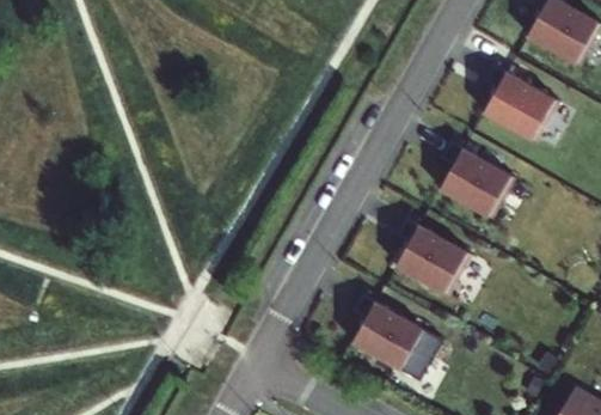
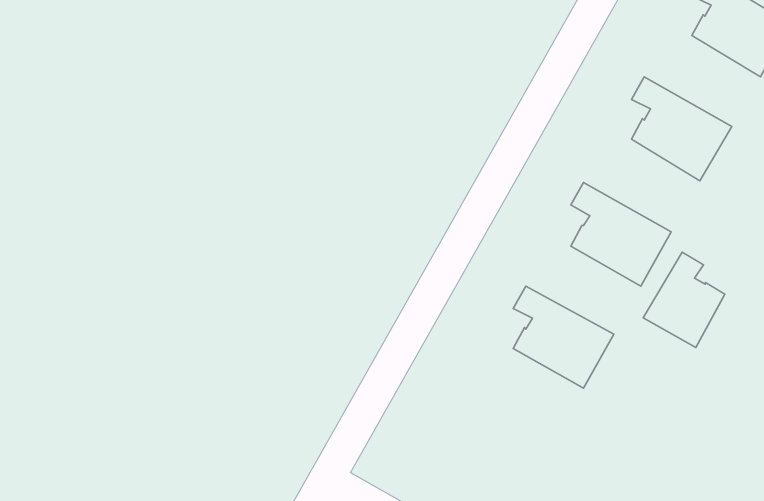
building: none -> [643,252,725,348]
building: [352,297,428,373] -> none

